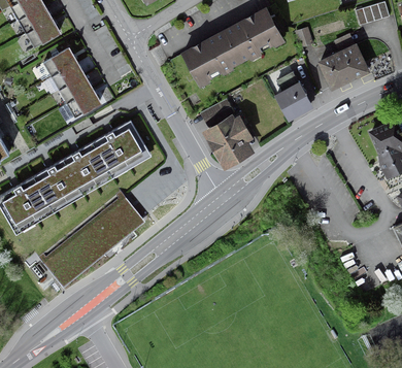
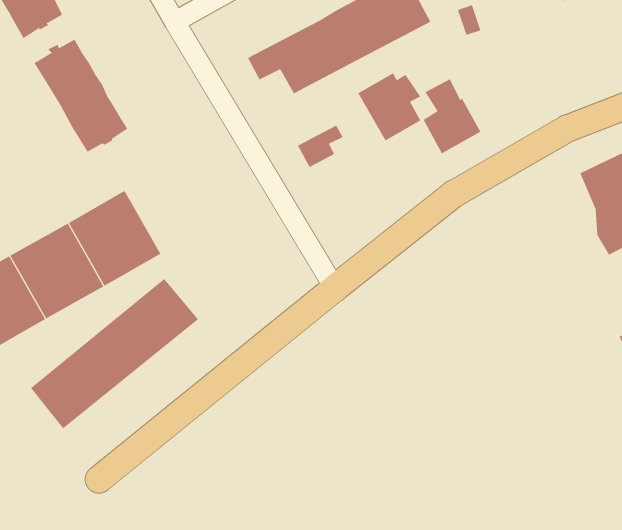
building: [321,45,367,88] -> none
building: [98,120,154,177] -> none
building: [209,121,247,162] -> [357,72,421,141]

